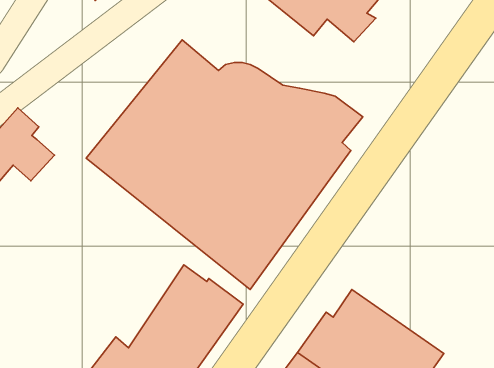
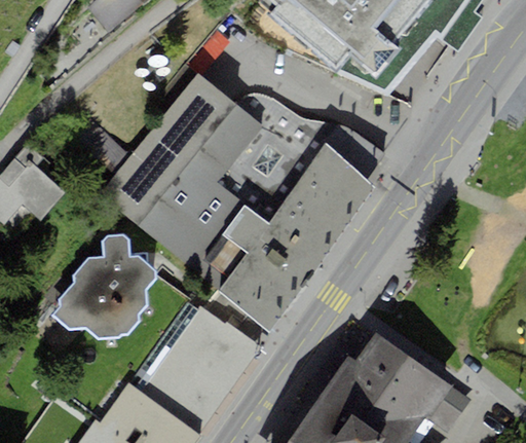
building: none -> [51,234,155,339]

